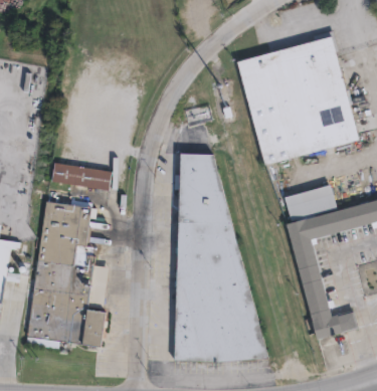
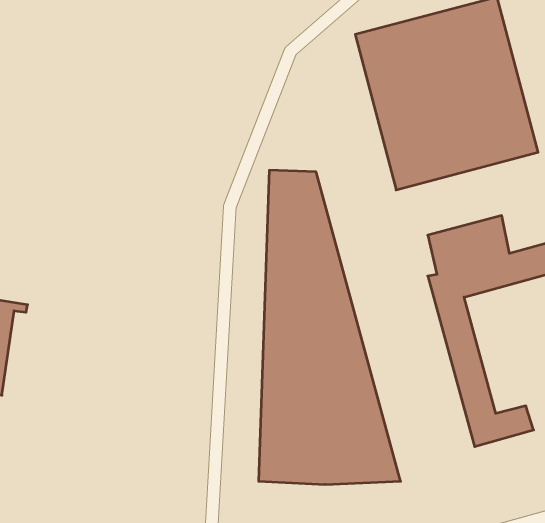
building: [51,164,112,192] -> none
building: [28,201,106,346] -> none

